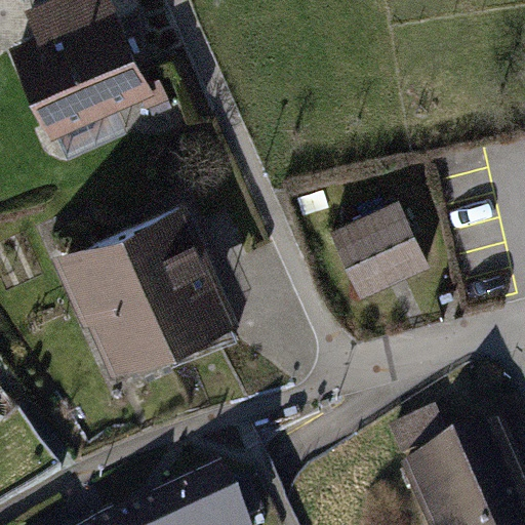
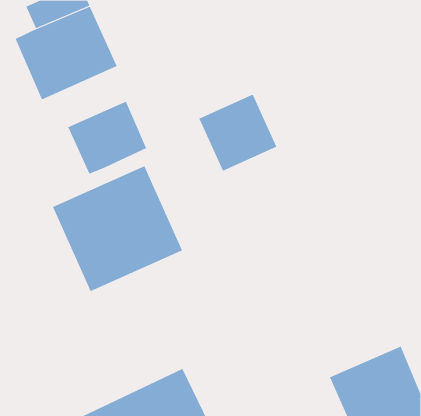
building: none -> [67,101,147,175]
building: [331,203,429,299] -> [198,94,277,172]

